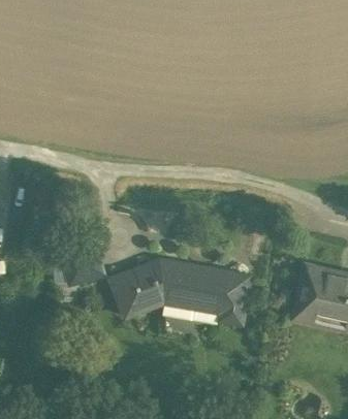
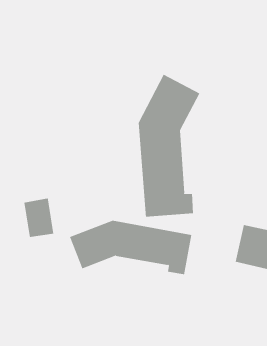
building: none -> [138,74,200,218]

